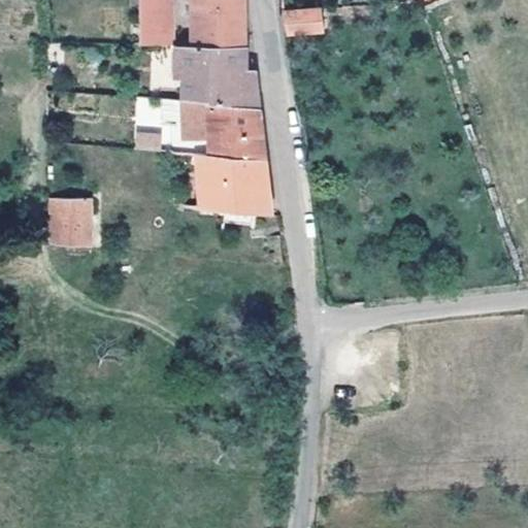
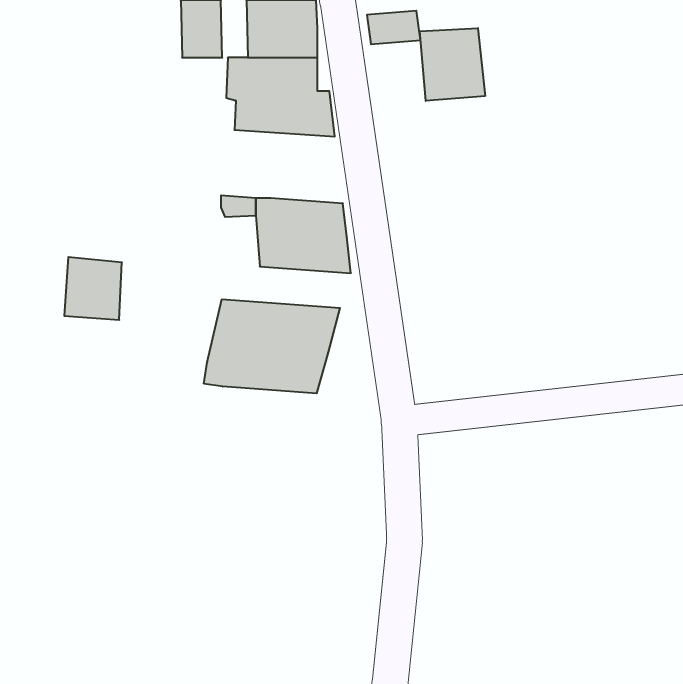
building: none -> [420,28,485,101]
building: [161,98,265,157] -> none
building: none -> [204,299,340,393]

